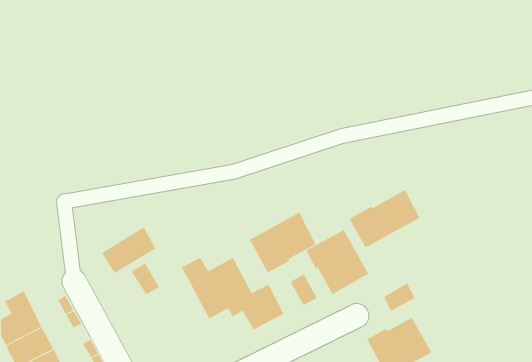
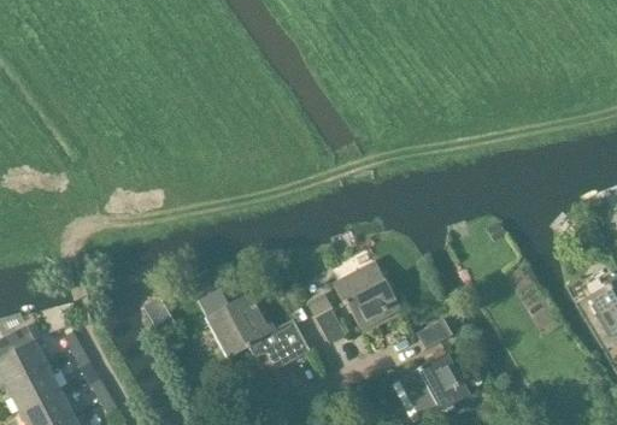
building: [349,189,420,248] -> none
building: [249,212,316,273] -> none
building: [101,226,156,274] -> none

